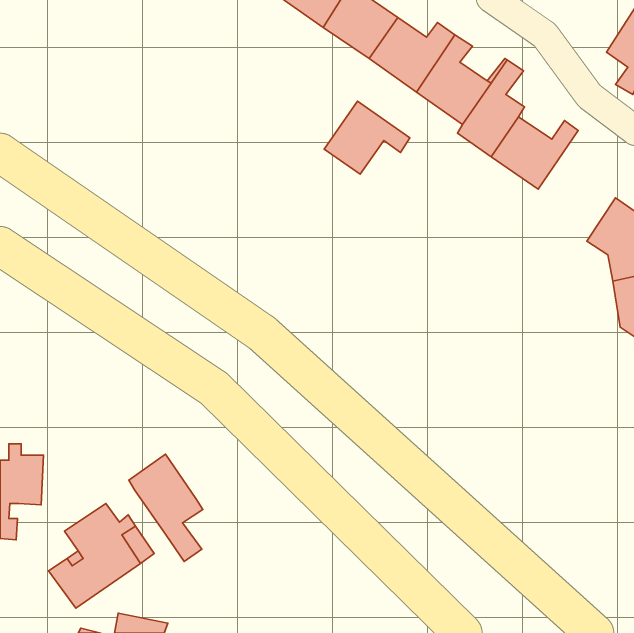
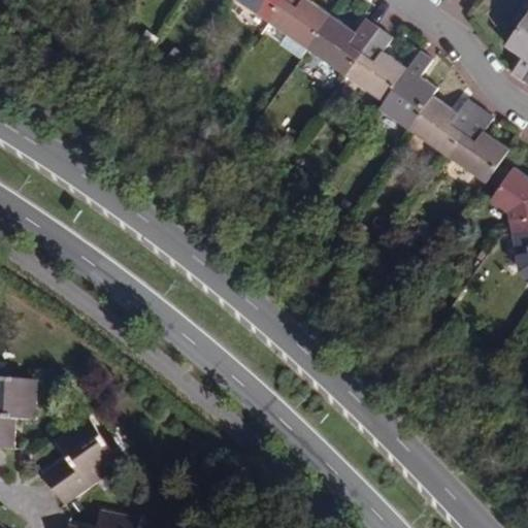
building: [324,101,410,174] -> none
building: none -> [448,108,512,185]
building: [129,454,203,561] -> none

